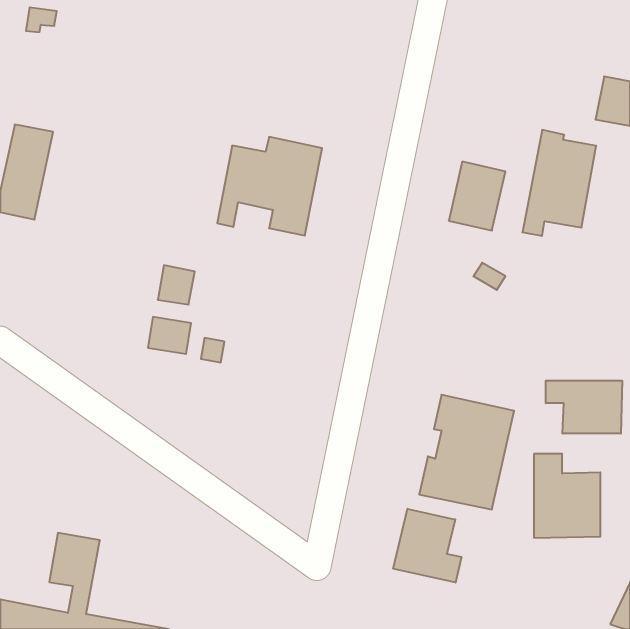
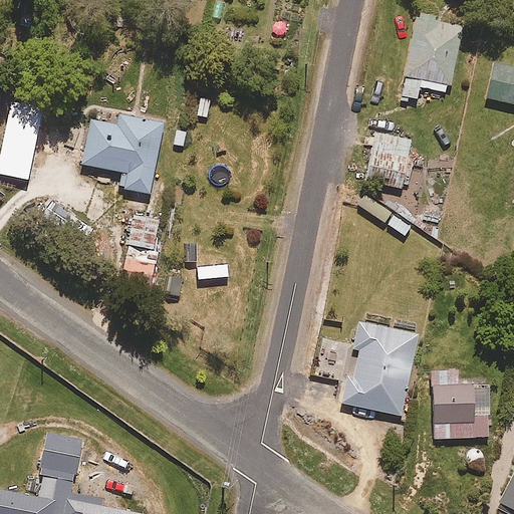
building: [522,130,596,236] -> [402,12,462,98]
building: [217,137,322,236] -> [78,112,164,193]
building: [546,381,622,434] -> none
building: [393,509,461,583] -> none

